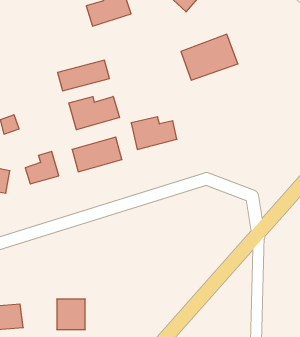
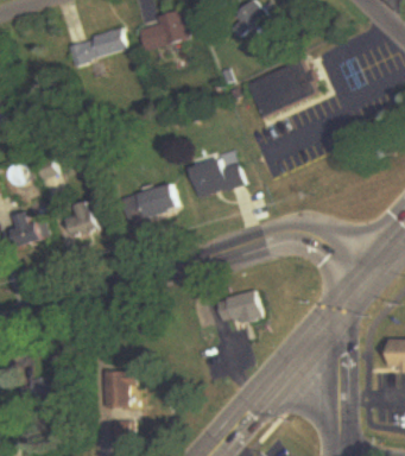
building: [58,60,109,91] -> [64,30,125,65]
building: [69,96,119,130] -> none
building: none -> [224,290,261,325]

